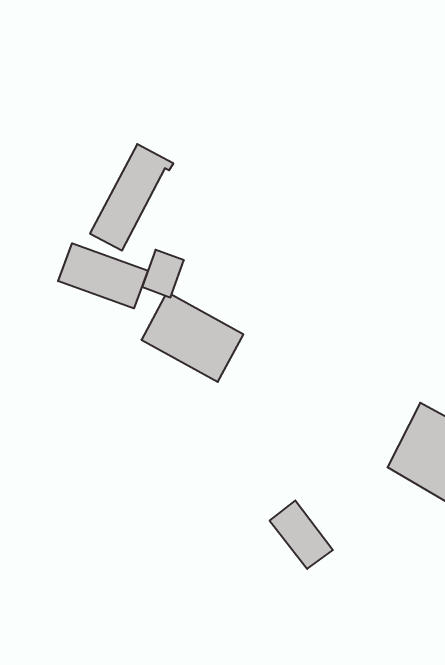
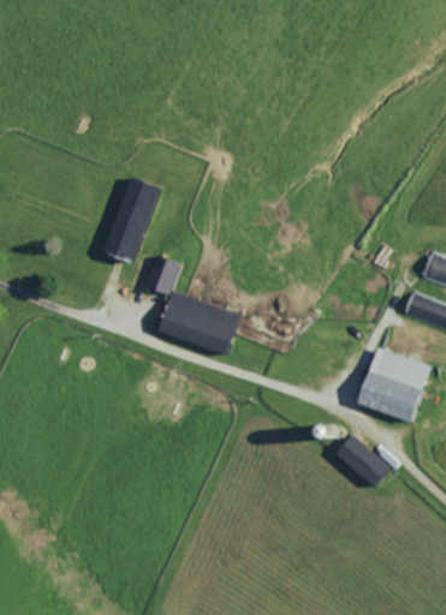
building: [58,243,148,308] -> none
building: [270,500,333,569] -> [334,434,388,486]

